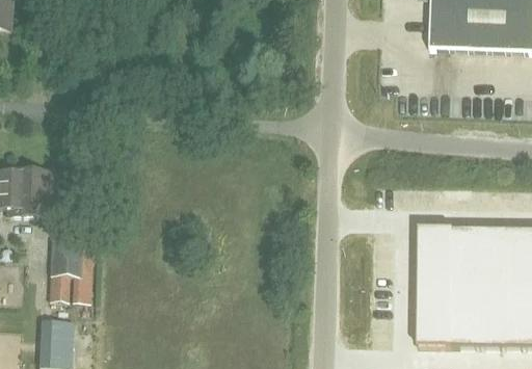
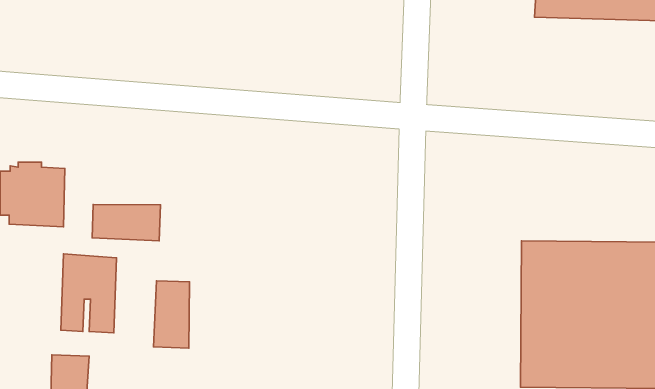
building: none -> [92,204,161,241]
building: none -> [153,281,189,348]

